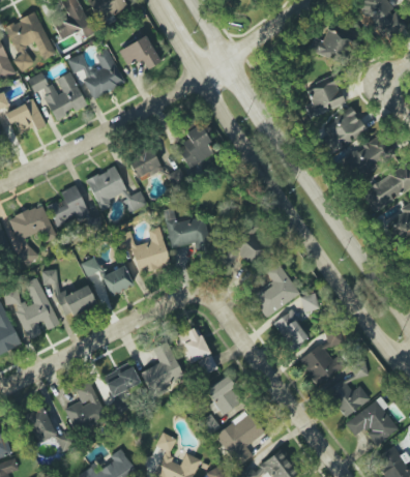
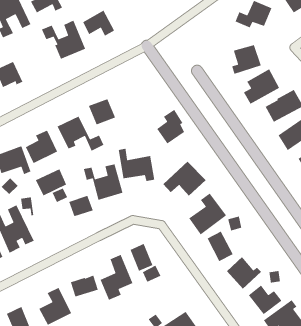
building: [28,70,87,118] -> none
building: [177,123,213,168] -> [156,109,185,145]
building: [56,282,96,318] -> [35,168,67,196]
building: [206,375,244,414] -> none

